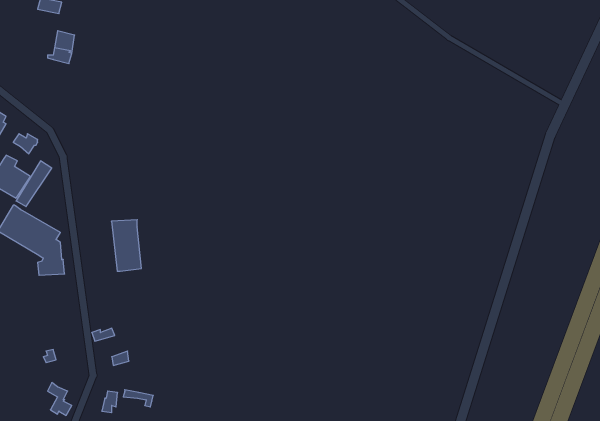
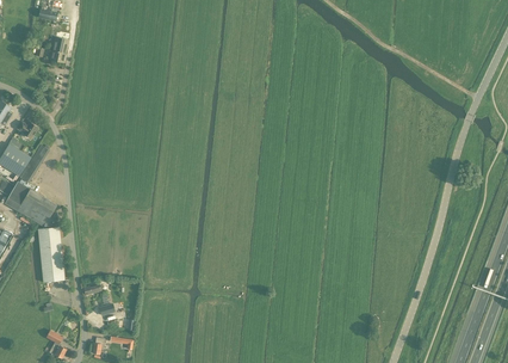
building: [111,220,141,271] -> [38,239,63,282]

